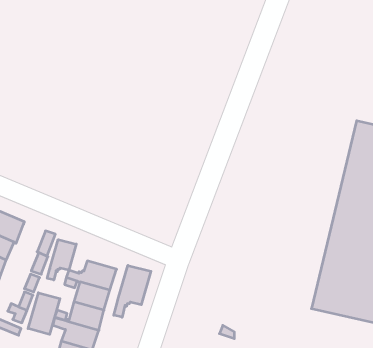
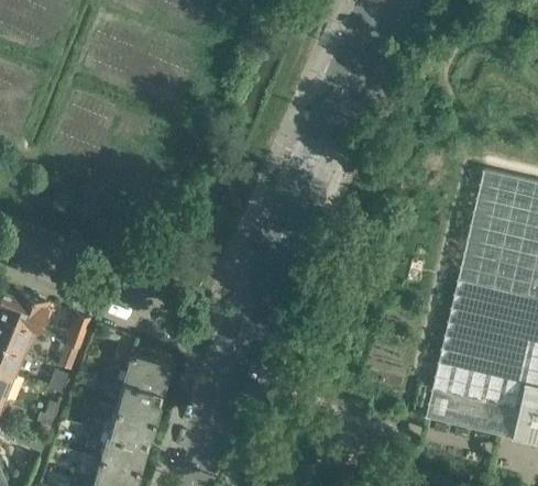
building: [47,240,76,280] -> none
building: [114,265,151,317] -> none
building: [28,293,60,334] -> none

